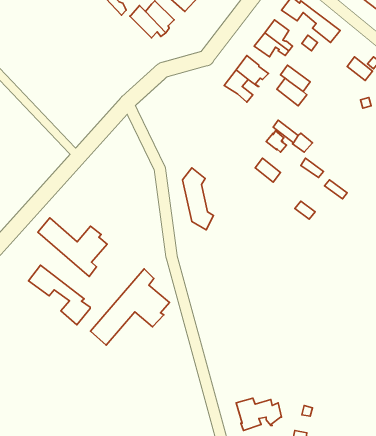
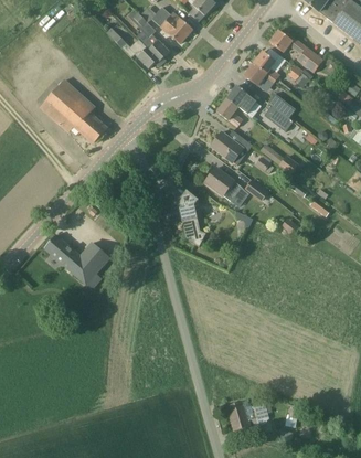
building: none -> [43,77,107,140]
building: none -> [210,130,252,166]
building: none -> [205,167,241,201]
building: [28,265,90,325] -> none
building: [90,269,169,345] -> none

